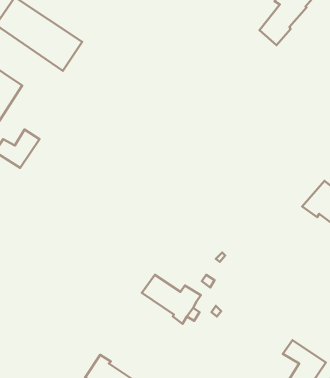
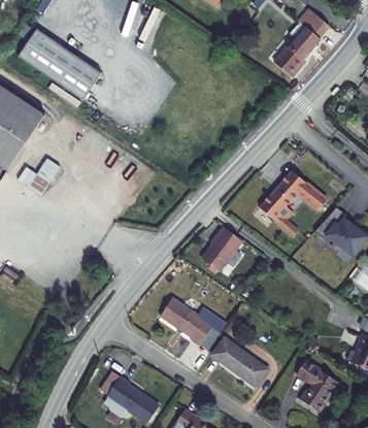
building: none -> [259,170,326,244]
building: none -> [200,226,241,270]
building: none -> [211,336,267,386]

